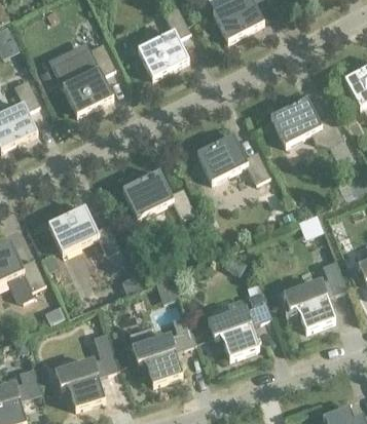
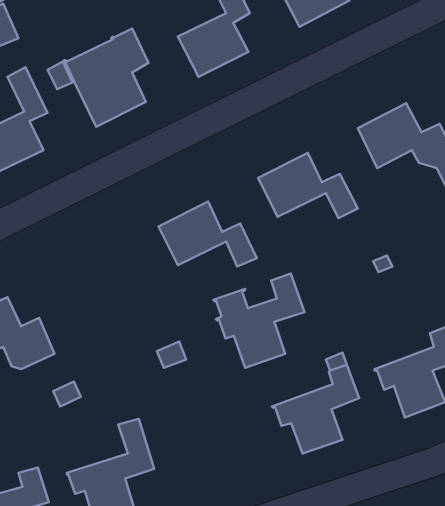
building: [46,204,119,253] -> none
building: [127,312,195,382] -> [213,273,305,368]

